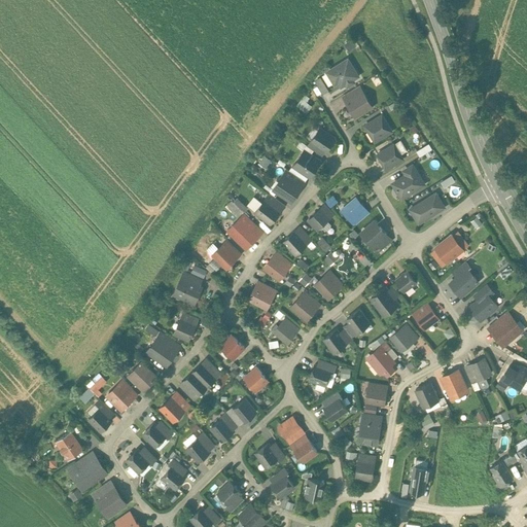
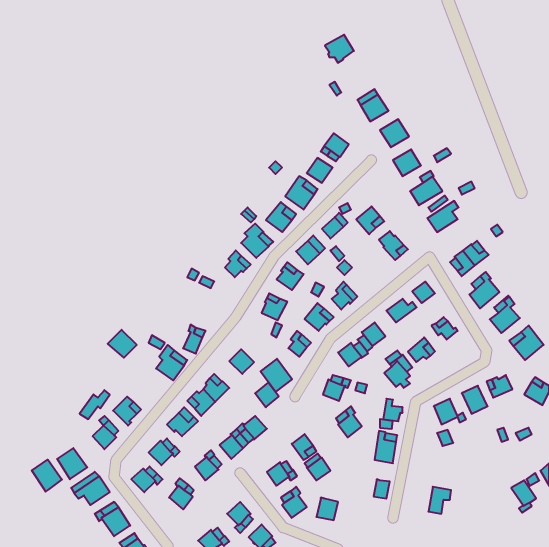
building: [328,62,356,89] -> [325,35,354,63]
building: [174,273,202,305] -> none
building: none -> [261,359,292,392]
building: [128,363,155,390] -> [108,330,137,358]
building: none -> [32,460,62,492]

